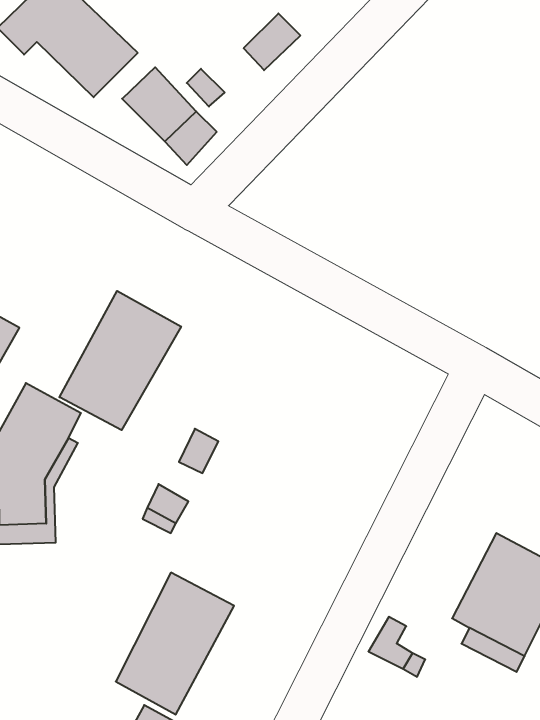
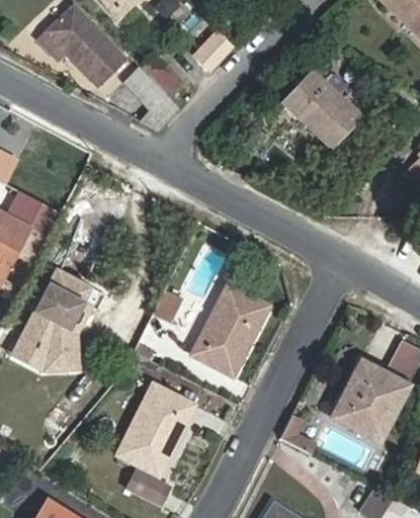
building: none -> [287,72,363,148]
building: [59,291,181,430] -> none
building: none -> [189,289,266,381]

